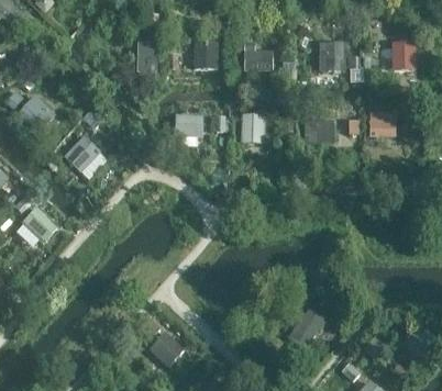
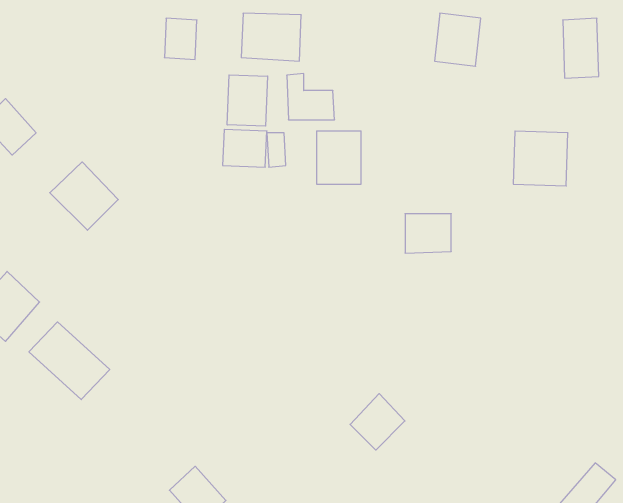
building: [246,38,277,68] -> [287,74,335,120]
building: none -> [227,75,268,126]
building: [307,120,336,145] -> [405,214,451,253]
building: none -> [29,322,110,400]
building: [289,308,324,344] -> [350,394,405,450]

